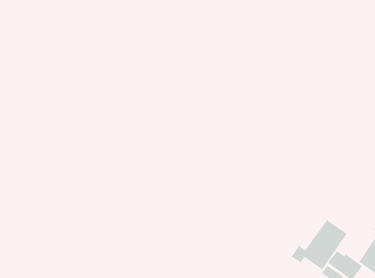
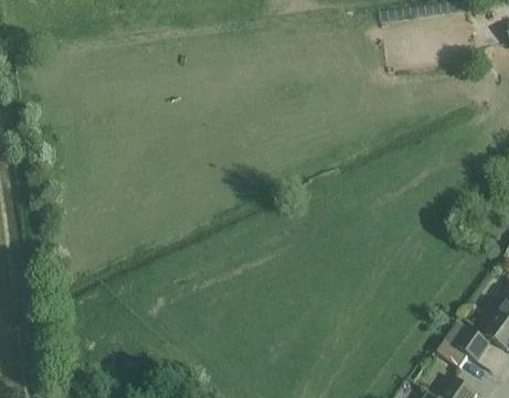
building: [291,219,348,270] -> none

